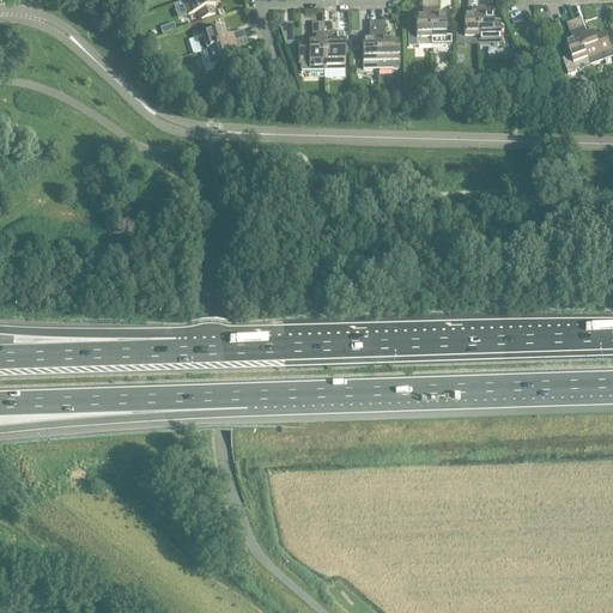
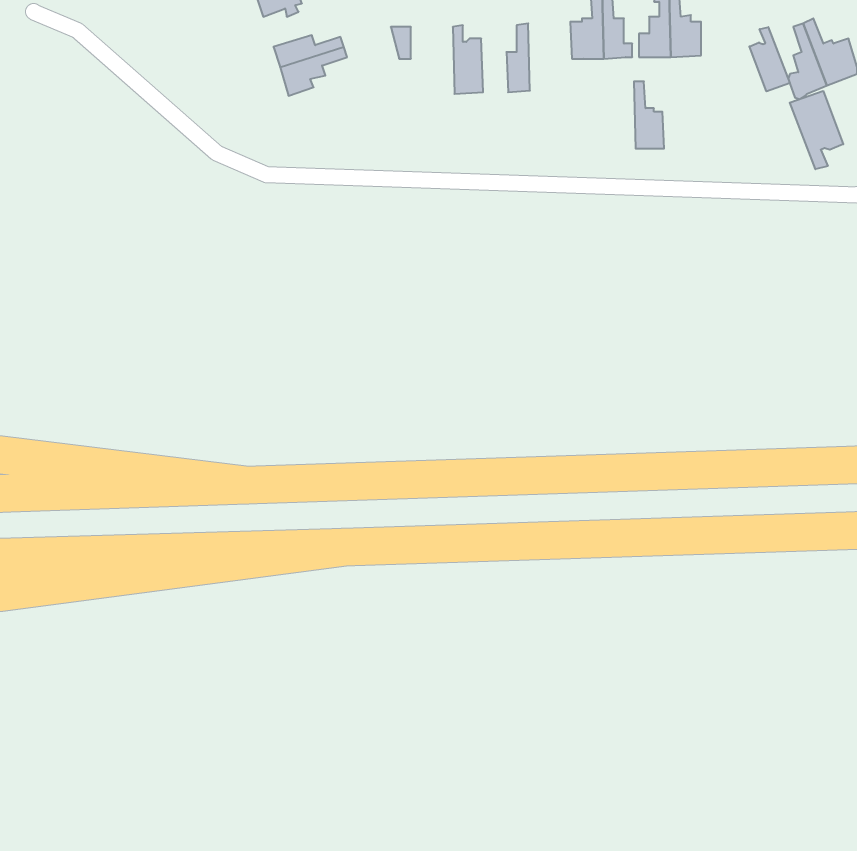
building: [377,17,399,65] -> [634,81,664,149]
building: [298,19,324,67] -> none
building: none -> [749,27,790,91]
building: none -> [790,91,843,169]

